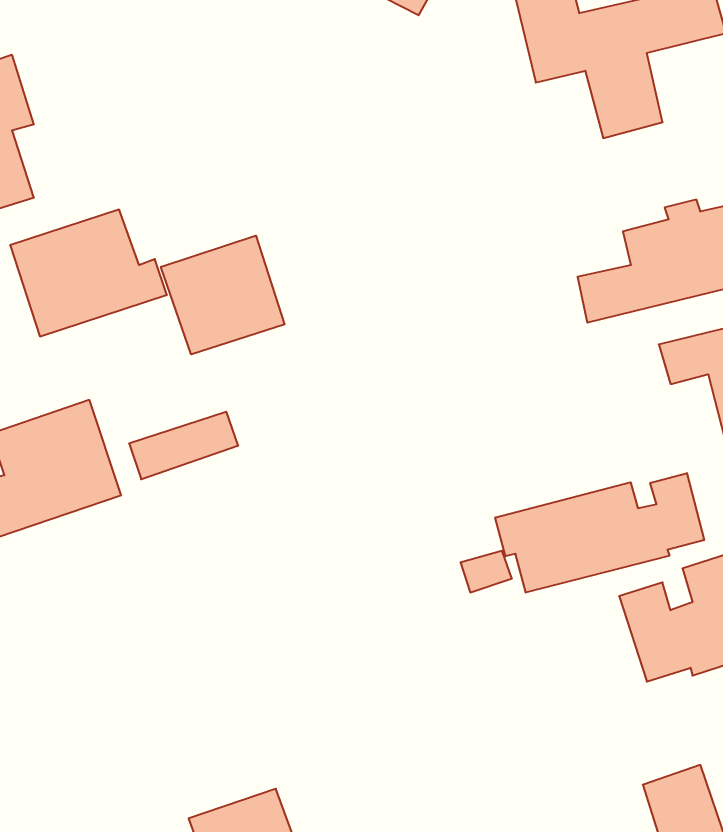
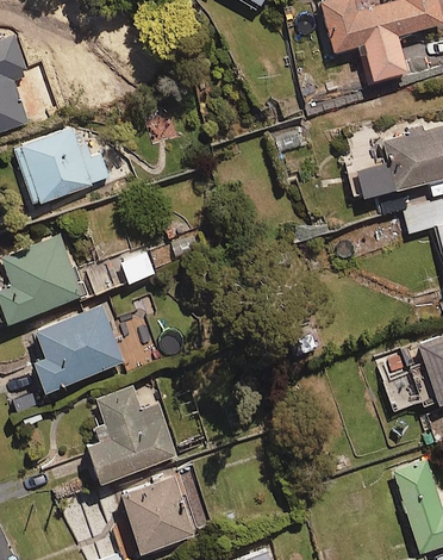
building: [161,236,285,354] -> none
building: [495,473,704,593] -> none
building: none -> [33,311,121,394]
building: none -> [87,391,175,483]

